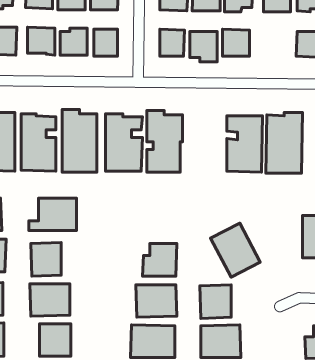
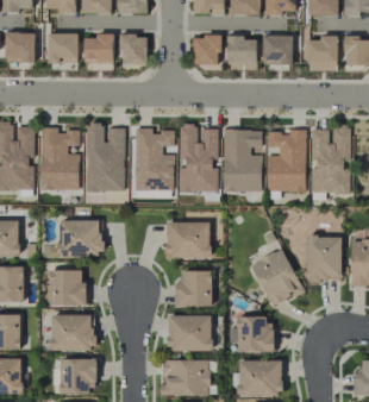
building: none -> [307,34,337,71]
building: none -> [221,128,262,191]
building: none -> [167,221,209,257]
building: none -> [306,235,342,281]

